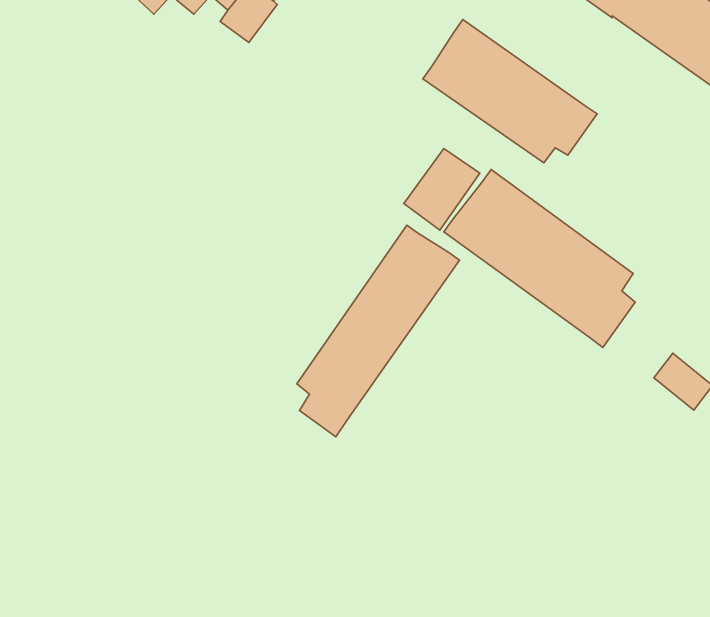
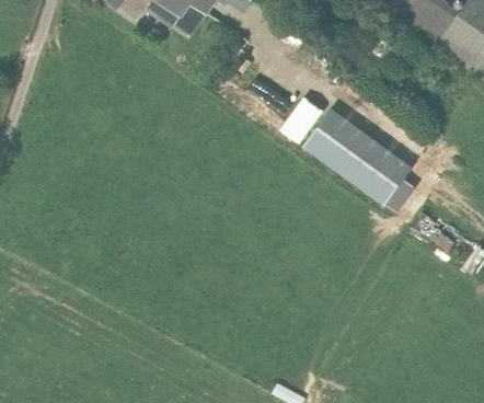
building: [423,20,597,163] -> none
building: [297,225,459,437] -> none

